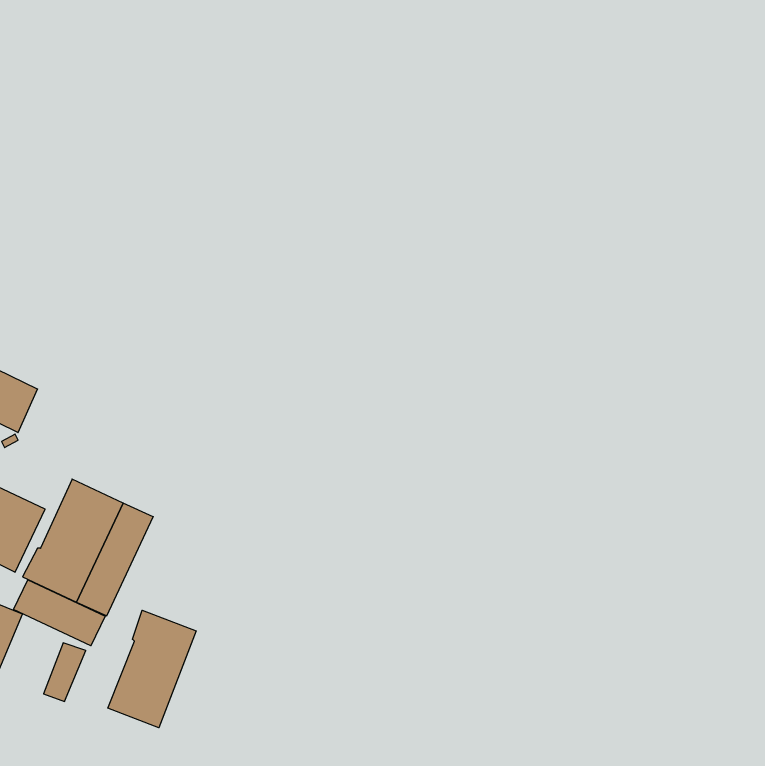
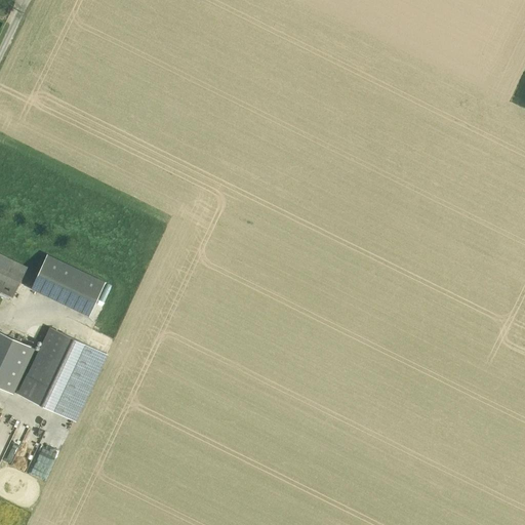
building: none -> [30,254,104,315]
building: [13,580,105,646] -> none
building: [108,610,196,728] -> none

